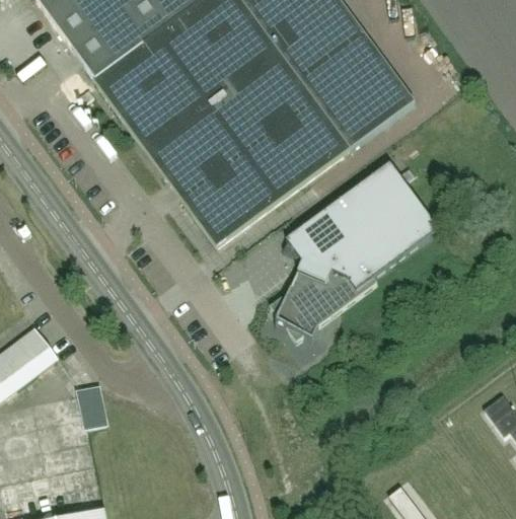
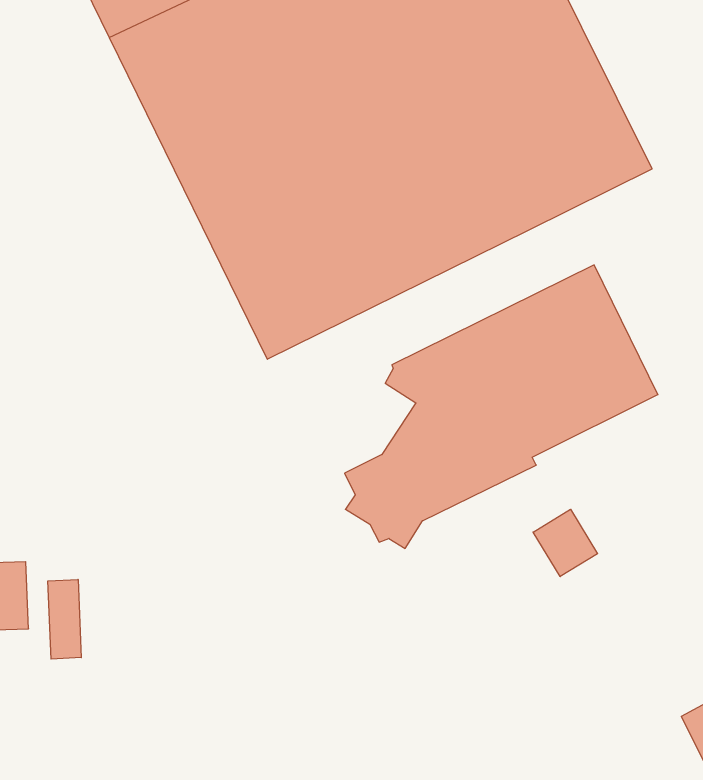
building: none -> [533,509,598,577]
building: none -> [48,579,81,659]

